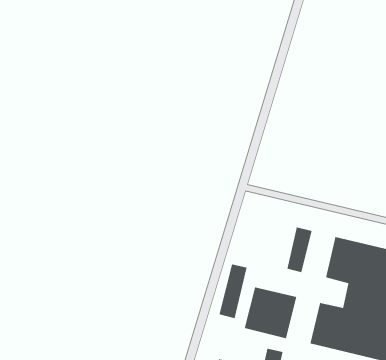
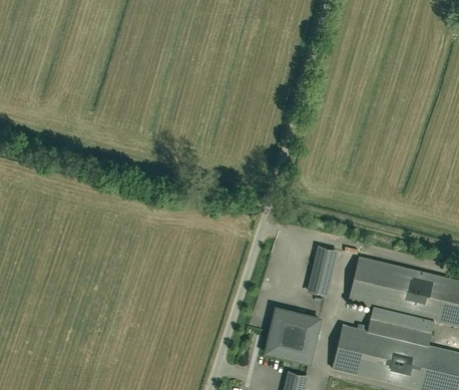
building: [218,264,247,319] -> none

